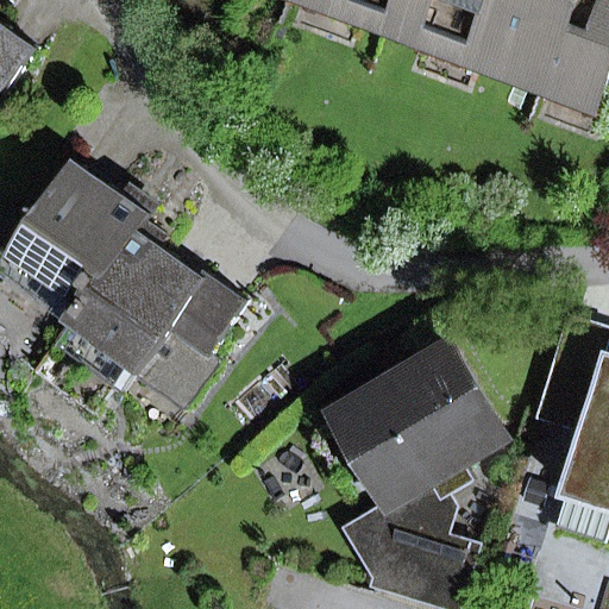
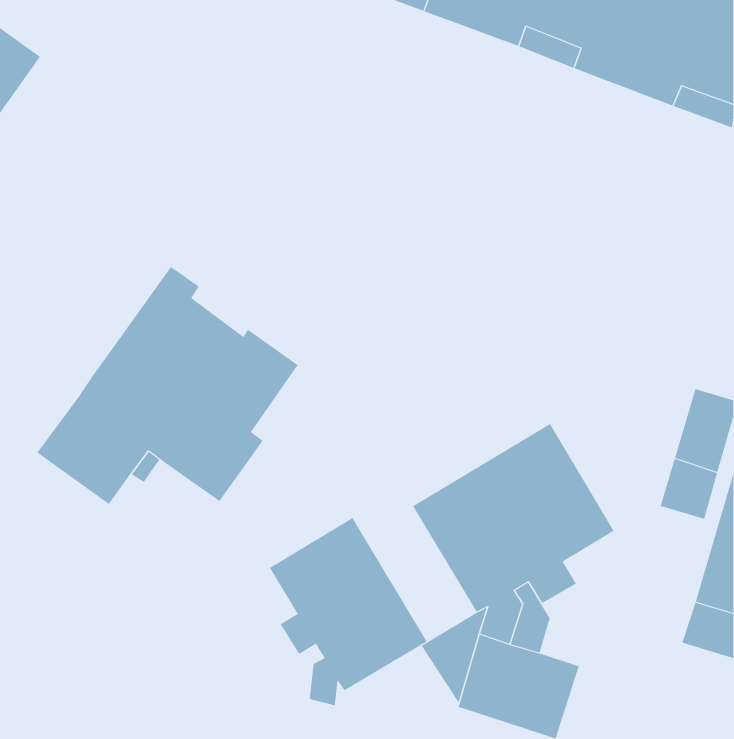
building: [6,162,144,309] -> none
building: none -> [269,517,427,706]

